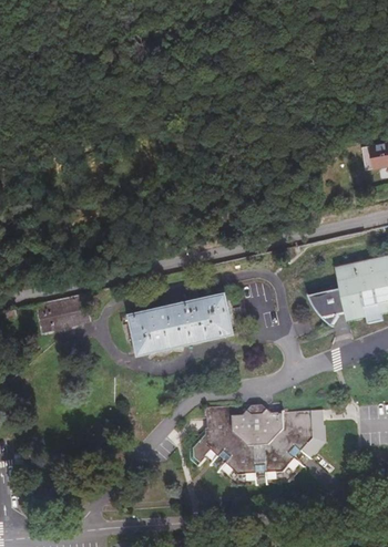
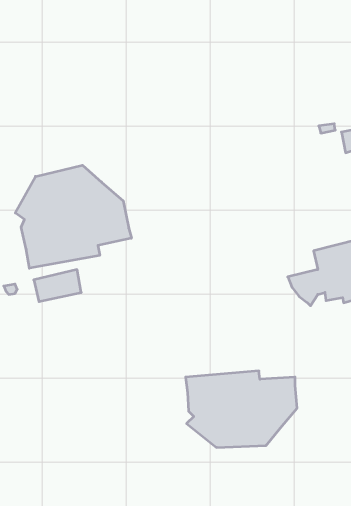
building: none -> [15,165,131,268]
building: [116,291,233,349] -> none

